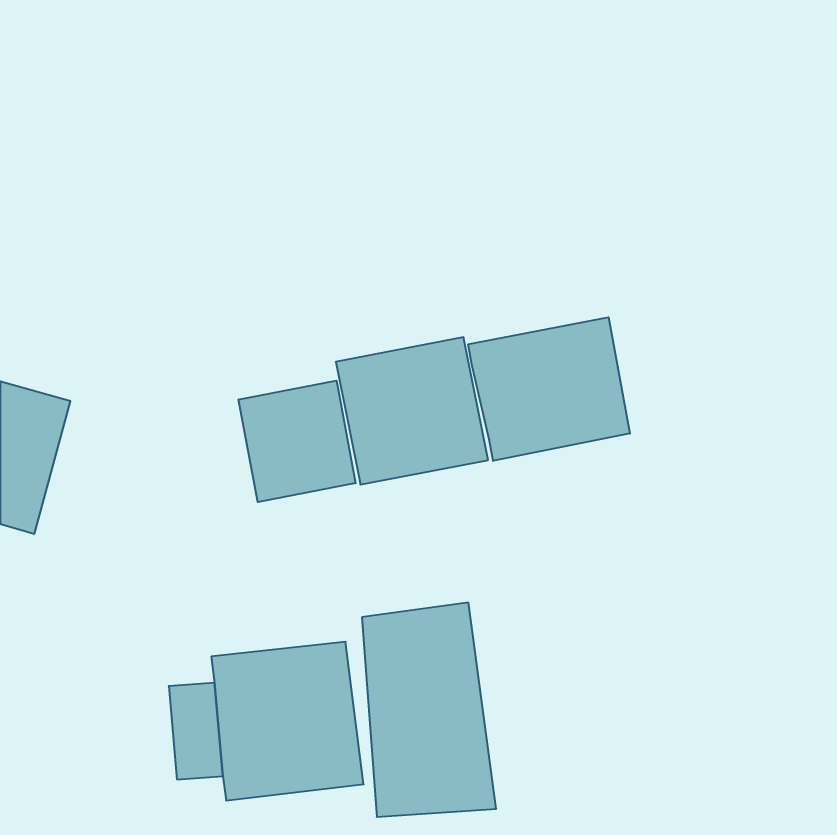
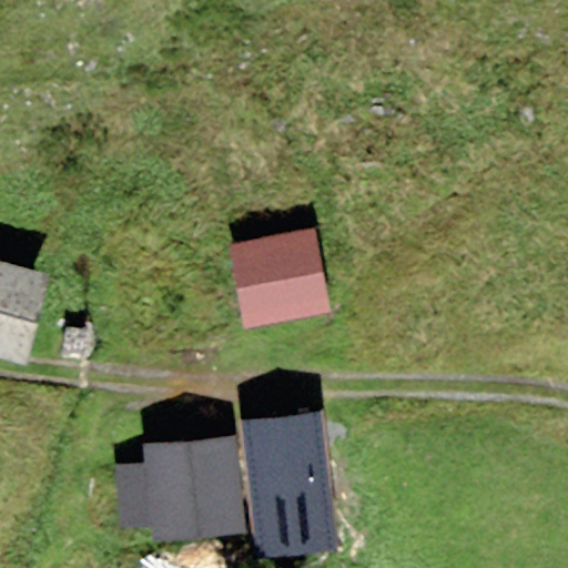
building: [468,317,630,461] -> none
building: [239,381,356,502] -> none

